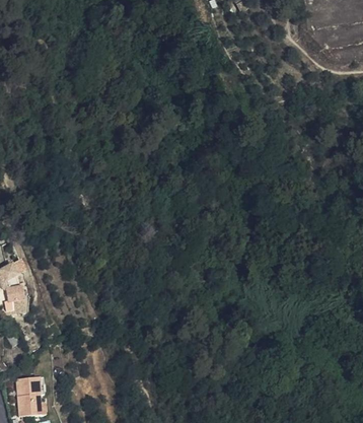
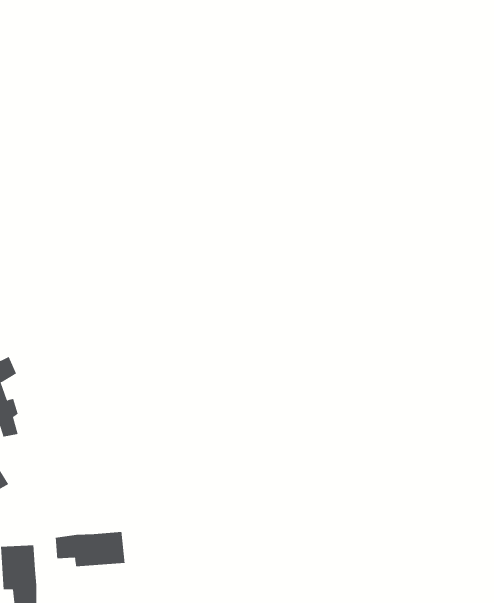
building: none -> [55,531,125,567]

